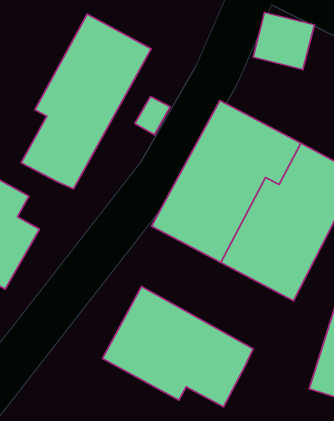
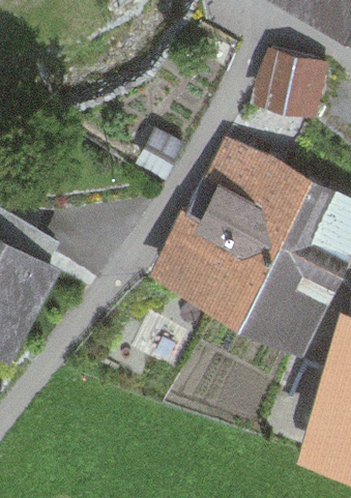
building: [21,14,151,189] -> none
building: [102,286,253,407] -> none

